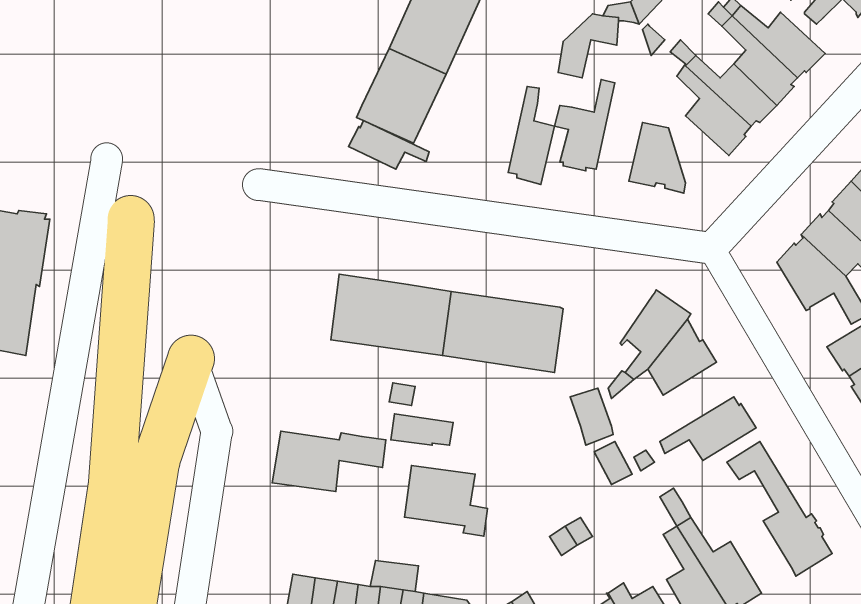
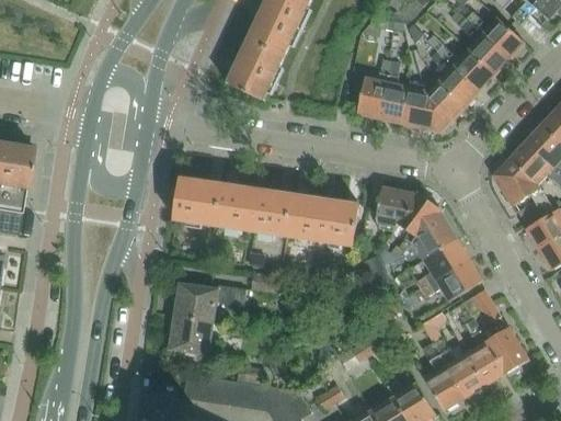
building: [508,86,555,185] -> [380,61,410,124]
building: none -> [426,82,465,133]
building: [348,121,429,169] -> none
building: none -> [175,179,217,225]
building: none -> [377,187,416,227]
building: none -> [415,239,468,289]
building: [405,465,487,536] -> [170,316,222,361]
building: none -> [463,318,505,386]

